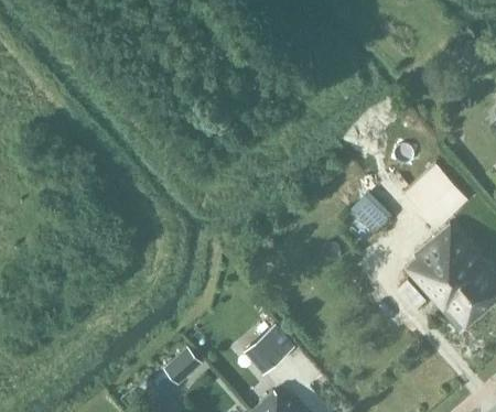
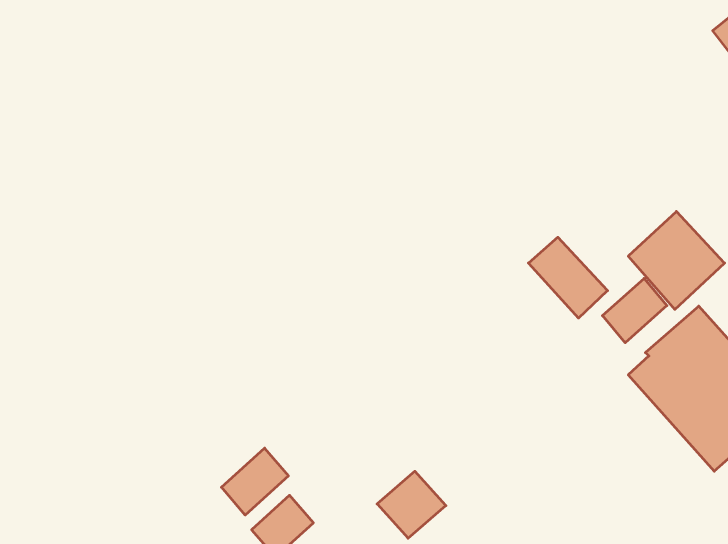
building: none -> [602,278,667,343]
building: none -> [221,448,288,515]

